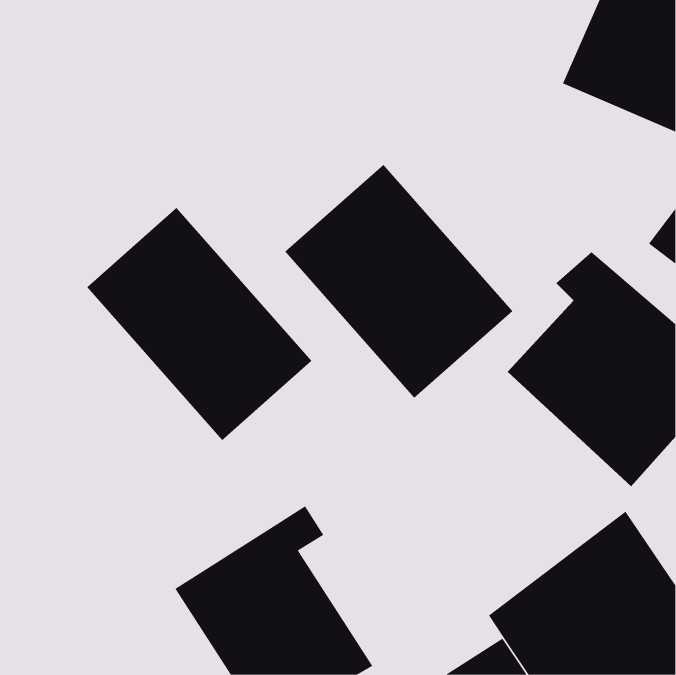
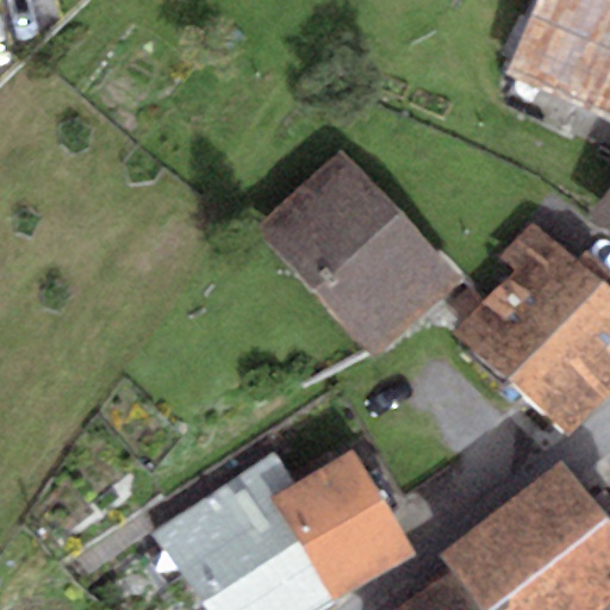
building: [86,207,312,441] -> none
building: none -> [269,446,415,599]

